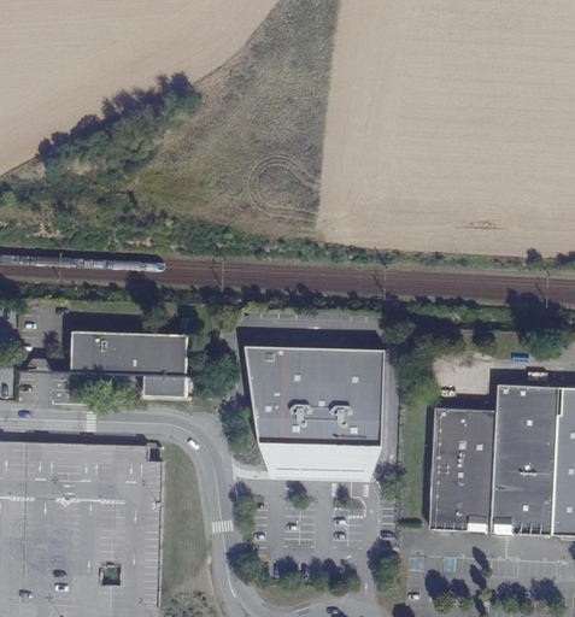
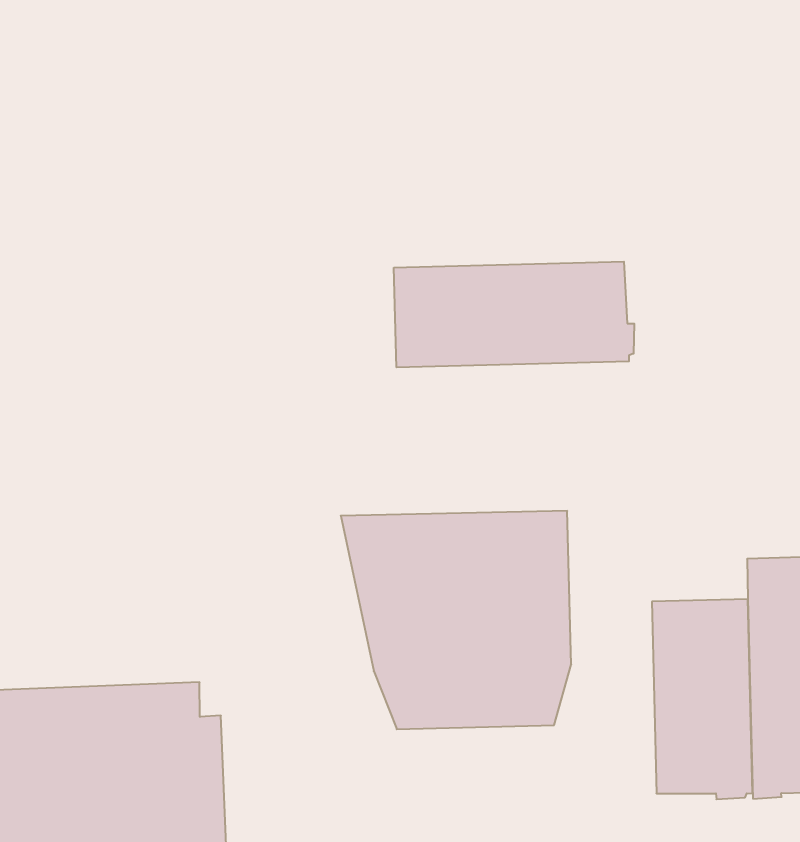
building: none -> [394,262,634,367]
building: [72,329,189,396] -> none

